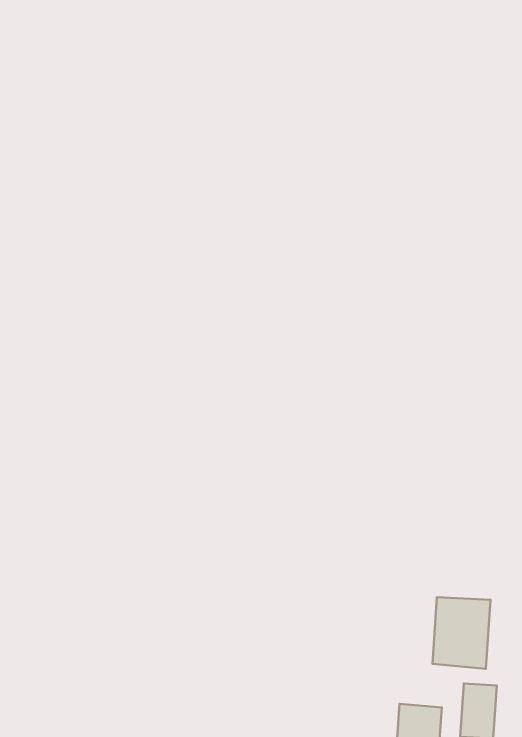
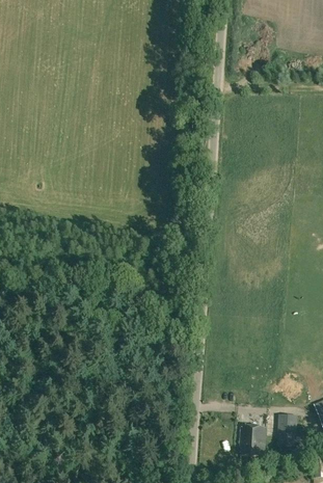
building: [433,597,490,669] -> none

